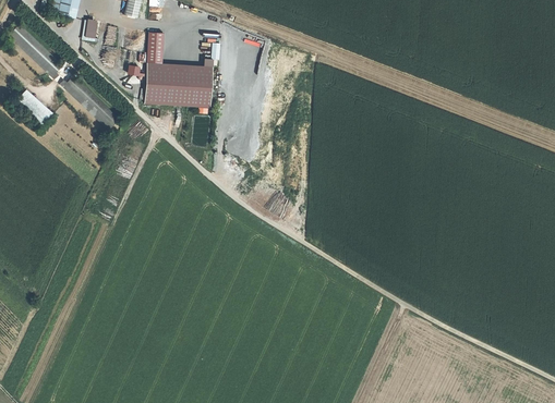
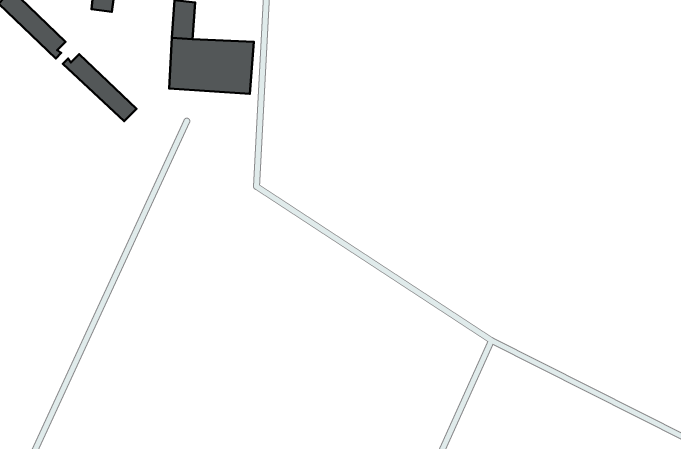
building: [15,88,51,122] -> none

